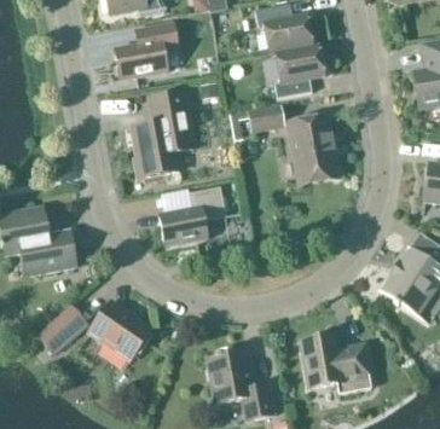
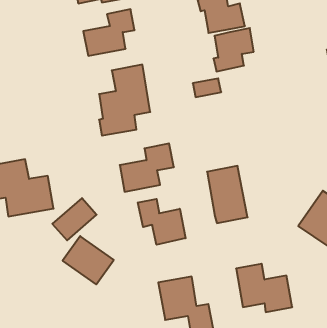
building: [289,115,338,185] -> [207,166,248,223]
building: none -> [138,199,186,245]
building: [35,303,89,355] -> [52,198,97,240]

